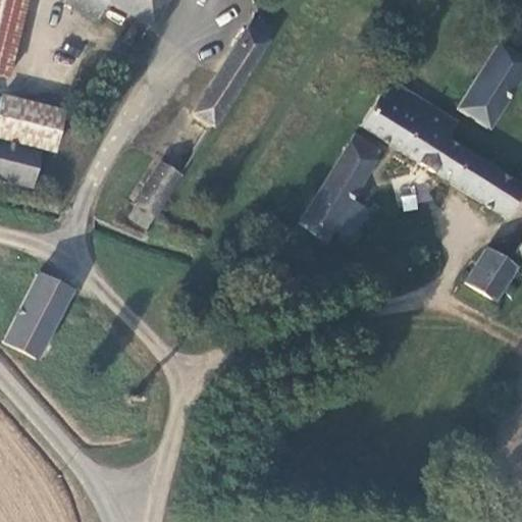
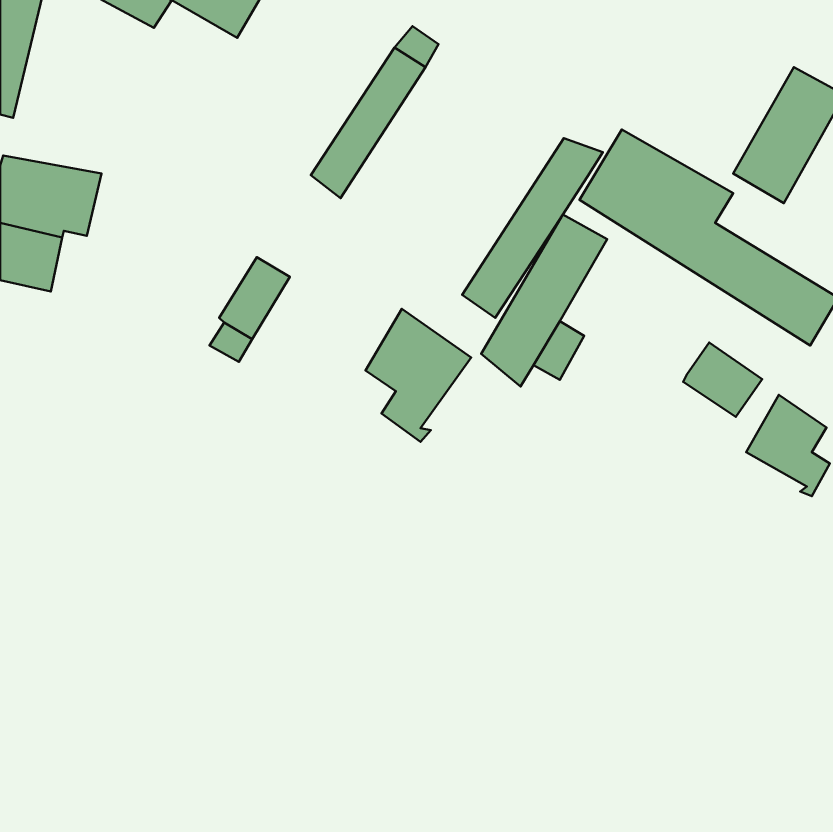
building: none -> [462,138,603,318]
building: none -> [365,309,471,442]
building: none -> [683,342,762,417]
building: [7,272,71,358] -> none

